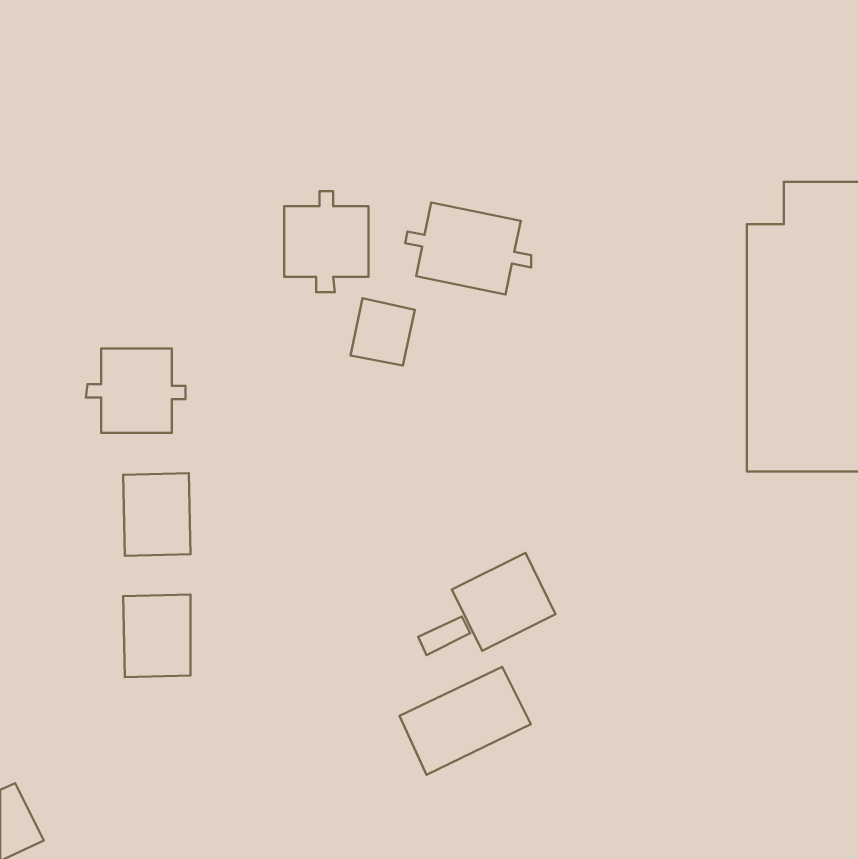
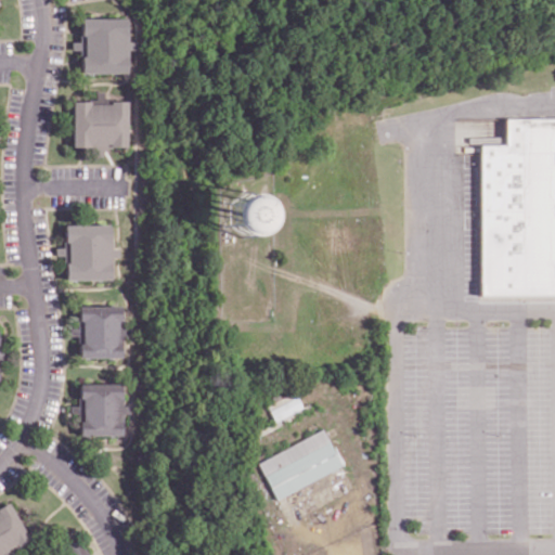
building: none -> [75,18,130,74]
building: [284,191,368,292] -> [75,92,129,157]
building: [405,202,531,294] -> none
building: [452,553,556,651] -> none

